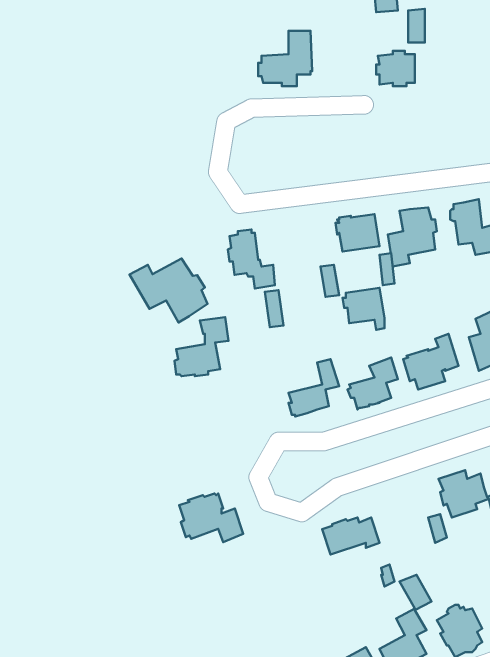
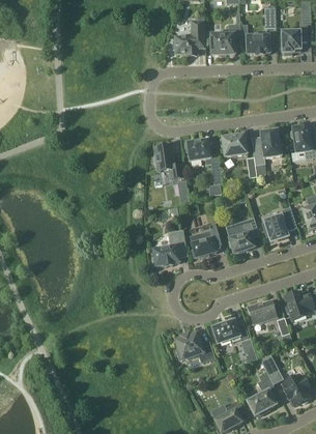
building: none -> [209,24,240,55]
building: none -> [282,25,308,55]
building: [130,259,208,322] -> none
building: [343,288,385,330] -> [185,139,211,165]
building: [175,317,229,376] -> [152,230,185,266]
building: none -> [248,300,277,323]
building: [179,493,243,542] -> [175,332,214,363]

